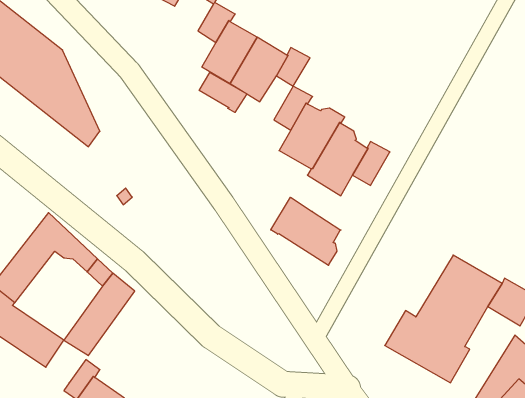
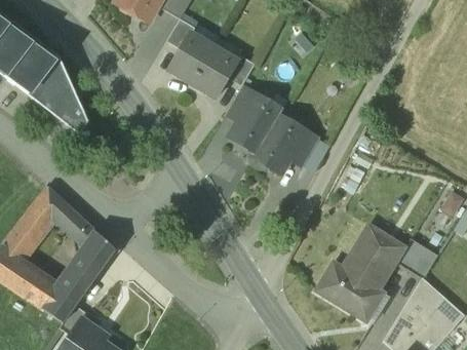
building: [199,72,247,112] -> none
building: [271,197,341,265] -> none
building: none -> [45,287,79,321]

